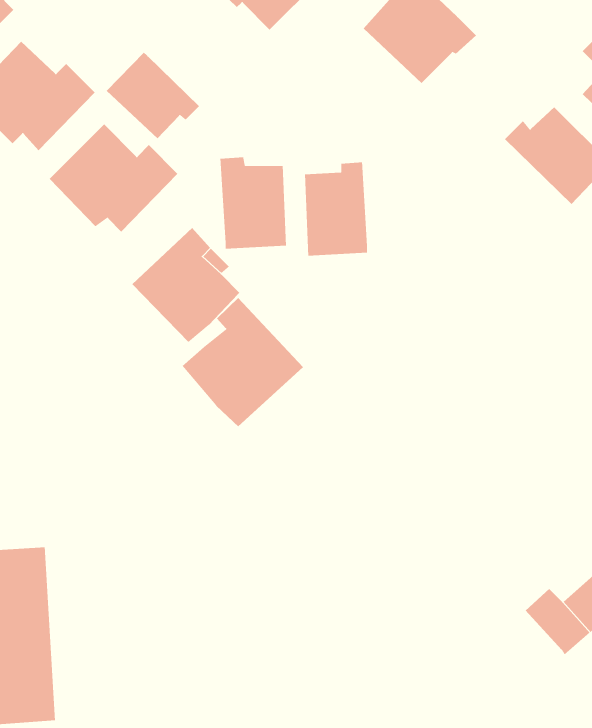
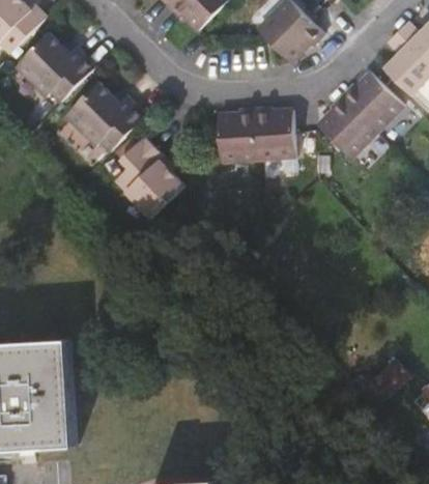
building: [106,52,200,139] -> none
building: none -> [321,94,380,159]
building: [220,156,287,250] -> [255,107,295,163]
building: [182,297,304,427] -> none

